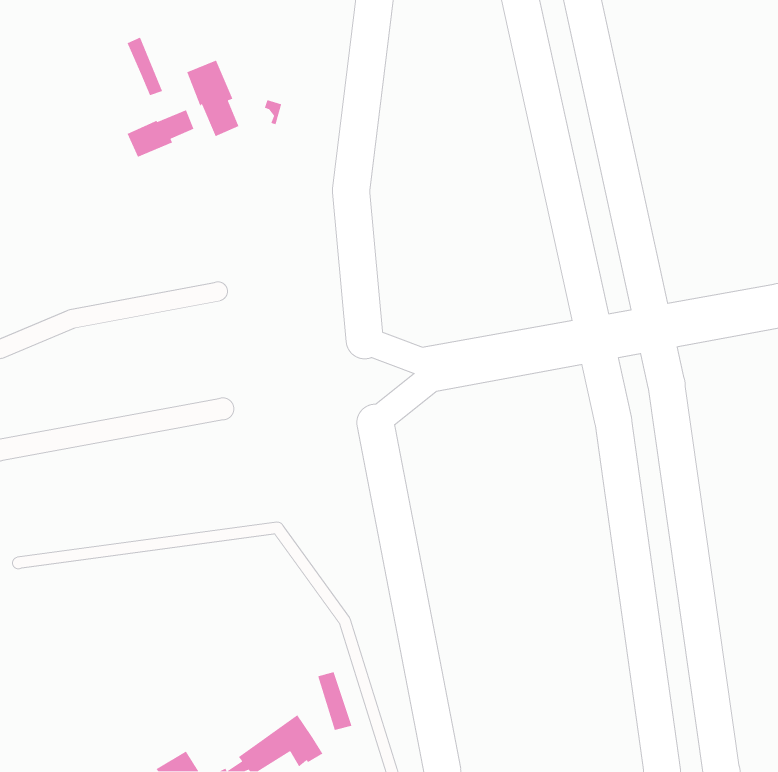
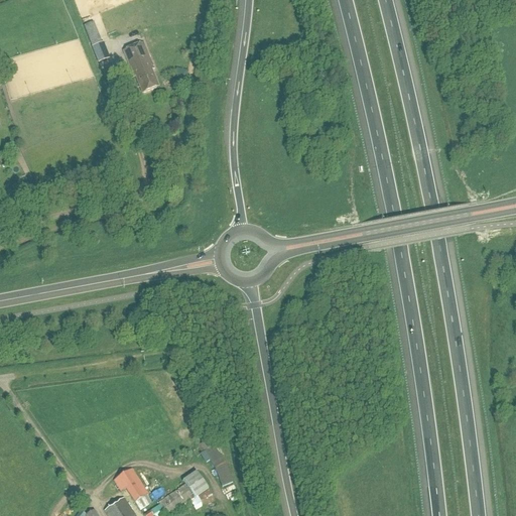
building: [127,109,195,158] -> none
building: none -> [112,466,148,505]

